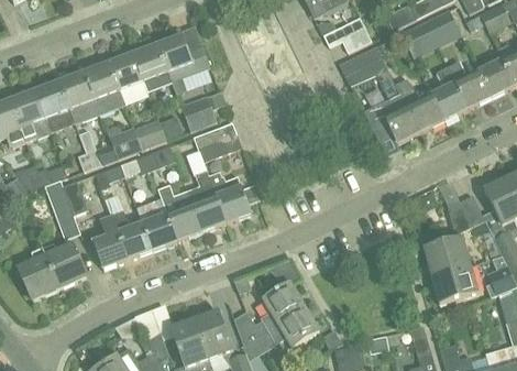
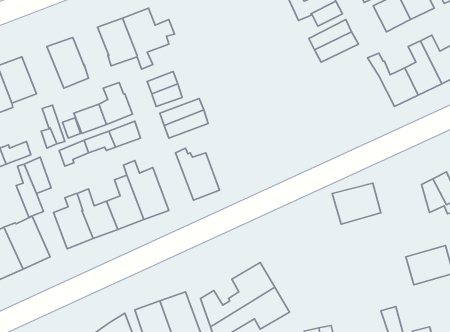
building: [109,48,144,90] -> none
building: [59,72,100,121] -> none
building: [364,83,422,142] -> none
building: [187,170,227,231] -> none
building: [425,237,472,276] -> [332,183,381,224]

